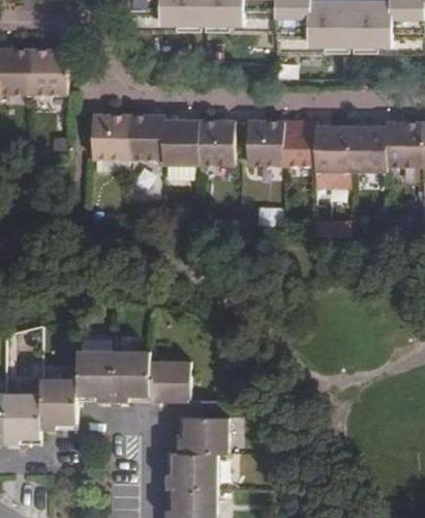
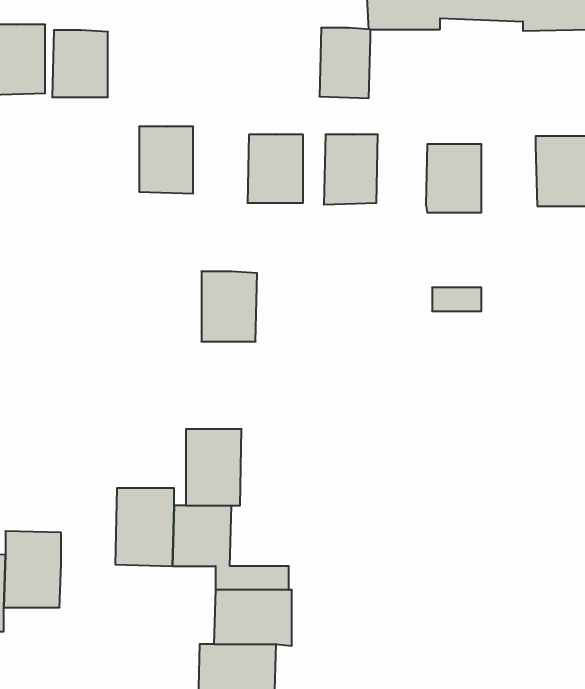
building: [92,114,128,157] -> [52,30,108,97]
building: [163,119,200,165] -> [201,271,257,342]
building: [282,120,315,166] -> [319,28,370,98]
building: [351,126,387,171] -> none
building: [78,350,114,400] -> [186,429,242,506]

